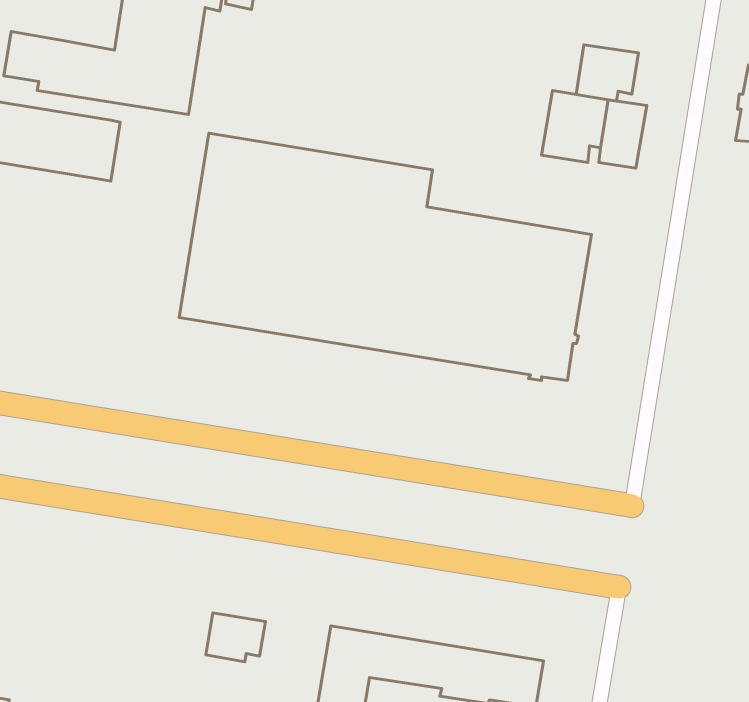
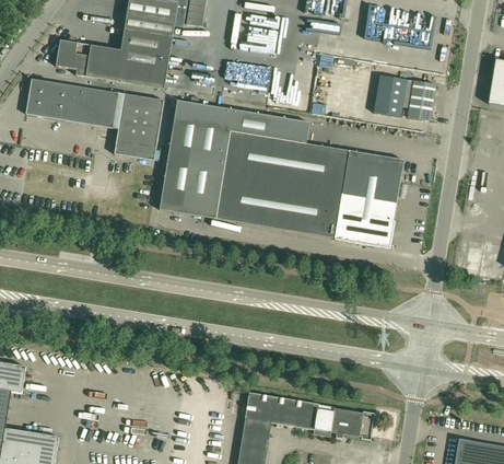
building: [576,45,638,101] -> none
building: none -> [114,93,163,161]
building: [206,613,265,662] -> none

